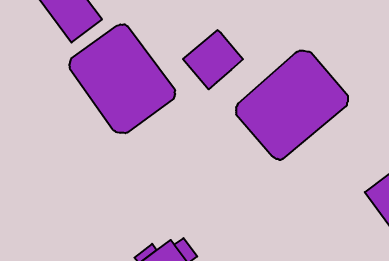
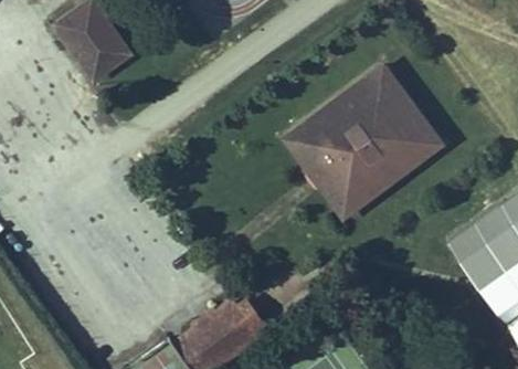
building: [69,24,175,133] -> none
building: [183,30,243,89] -> none

